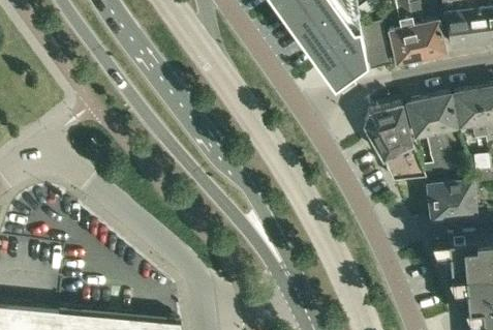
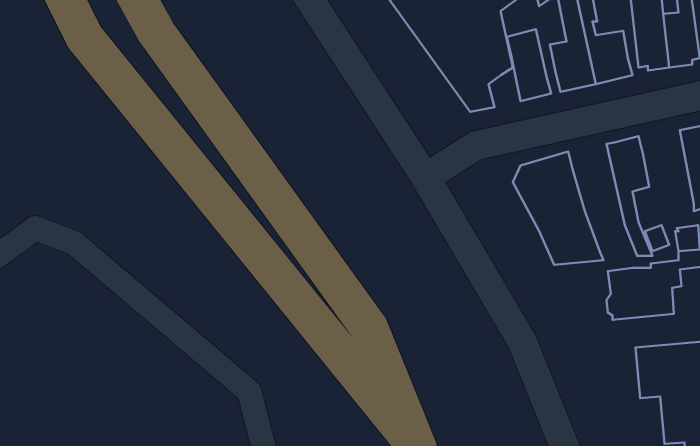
building: [453,90,486,142] -> none
building: [405,99,448,178] -> none

